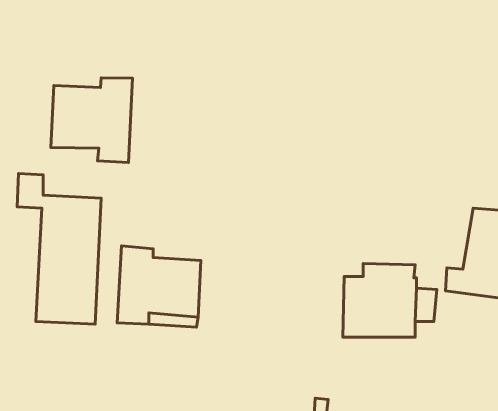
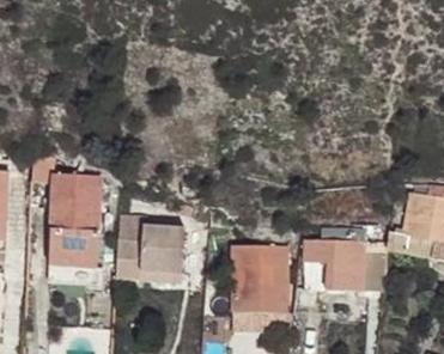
building: [51,78,132,163] -> none
building: none -> [233,245,288,312]

